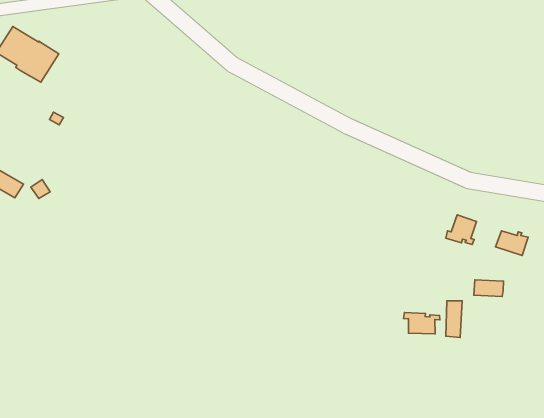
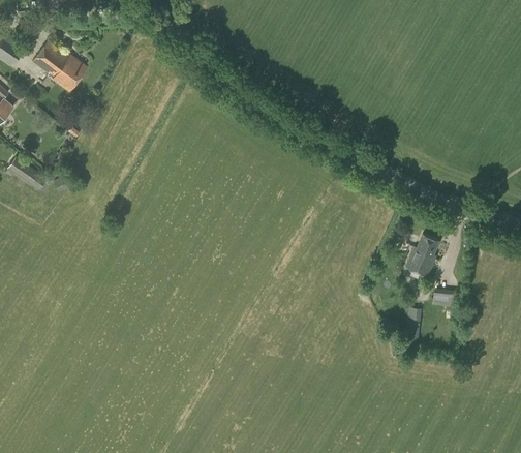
building: [496,231,528,255] -> [405,253,434,276]
building: [404,312,440,334] -> none

